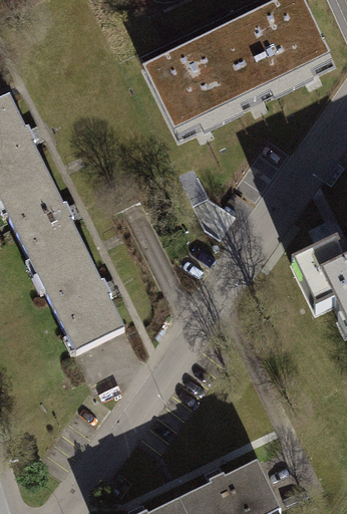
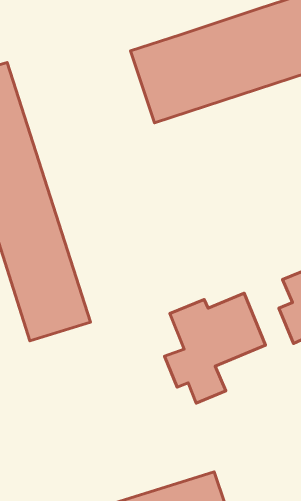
building: none -> [164,293,266,403]

